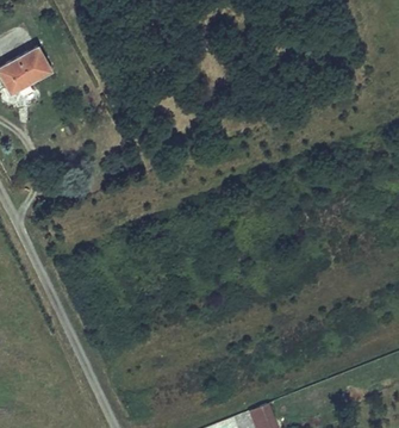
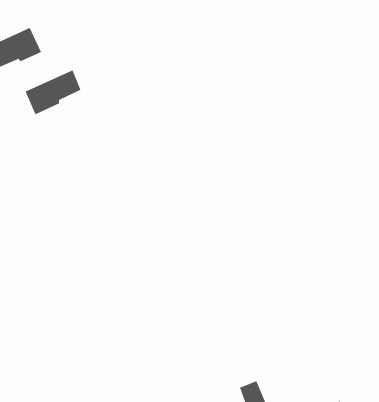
building: none -> [25,69,81,115]

